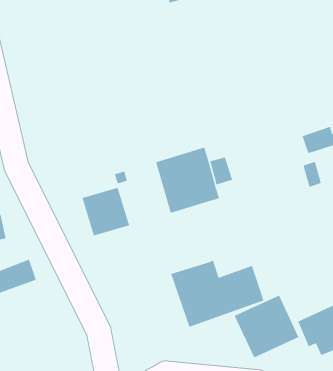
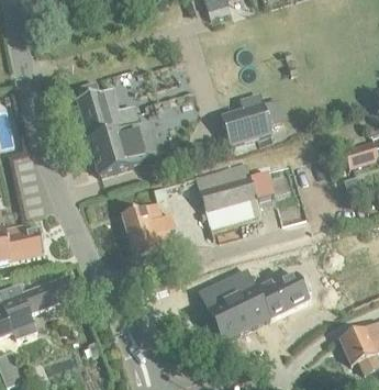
building: none -> [76,83,160,175]
building: none -> [220,92,285,146]
building: [233,294,300,359] -> none

